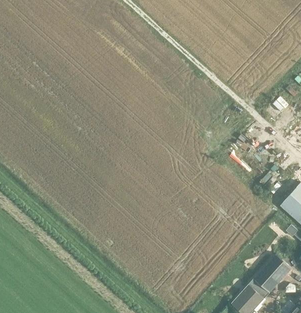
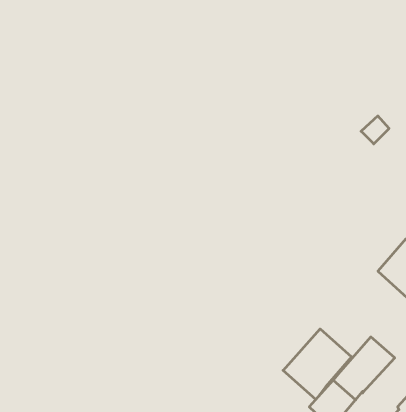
building: none -> [283,329,351,399]

